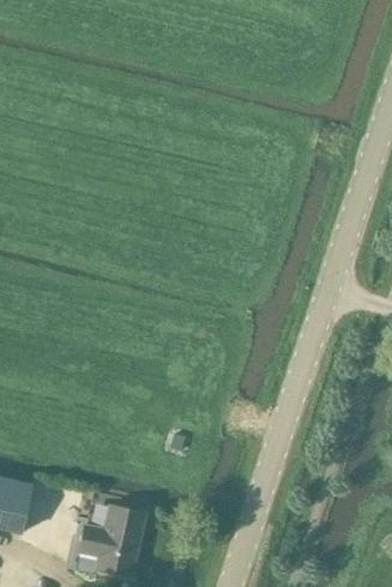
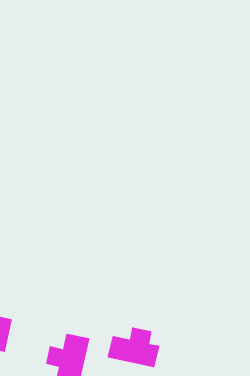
building: none -> [107,326,160,368]

